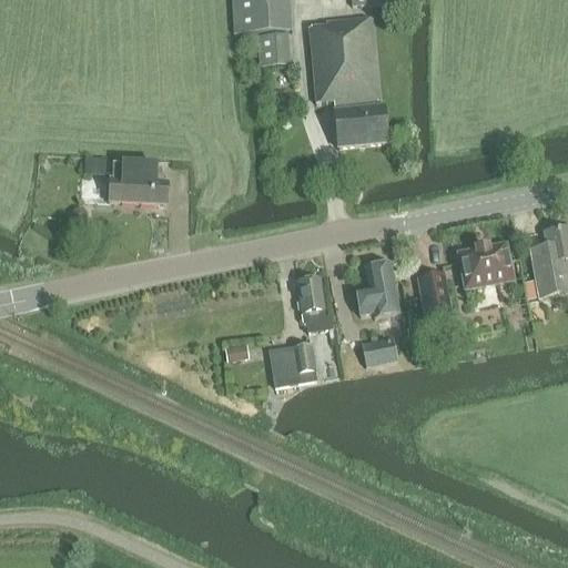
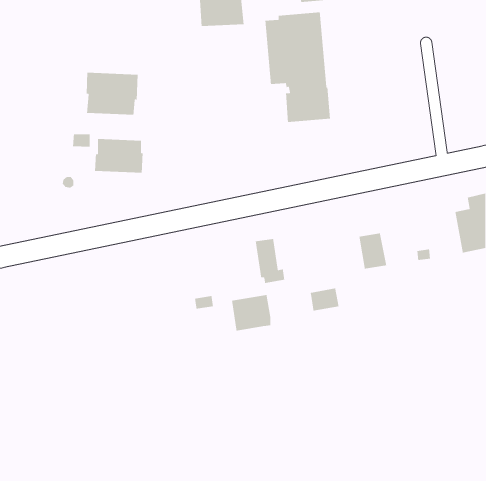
building: [258,31,286,63] -> none
building: none -> [86,72,138,116]
building: [459,242,514,286] -> none
building: [354,261,398,315] -> none

